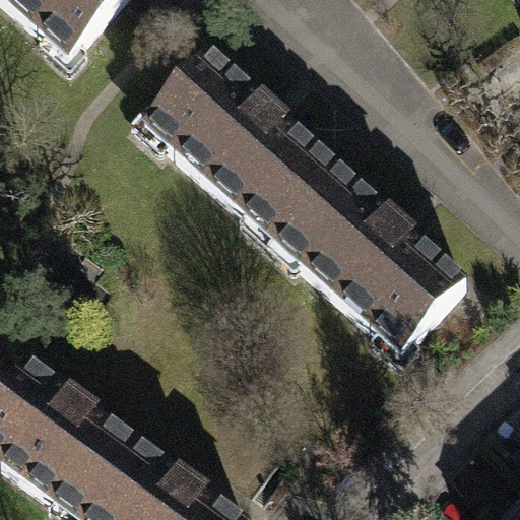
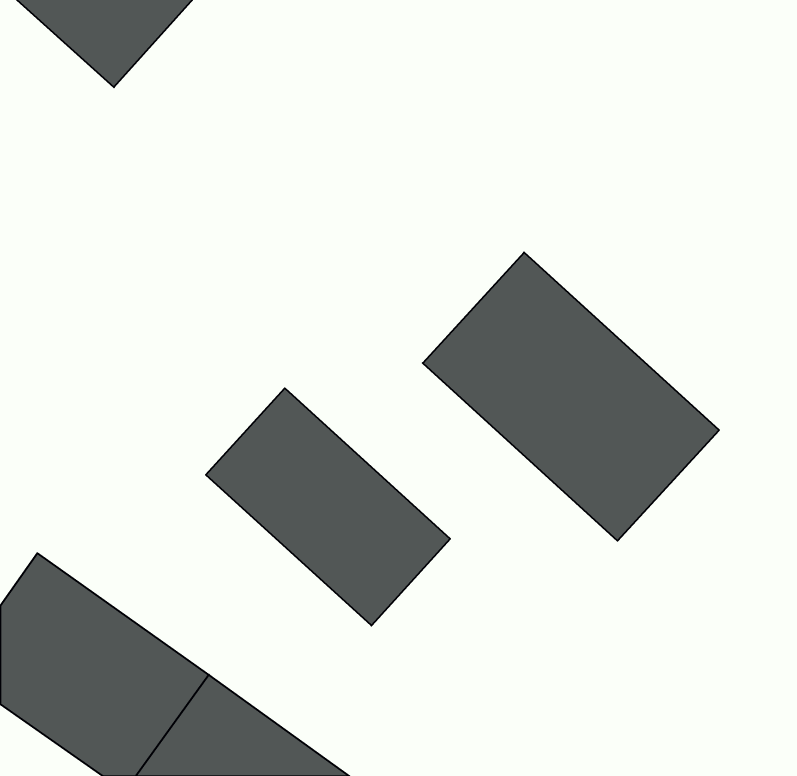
building: [142,44,341,237] -> none
building: none -> [206,388,450,626]

